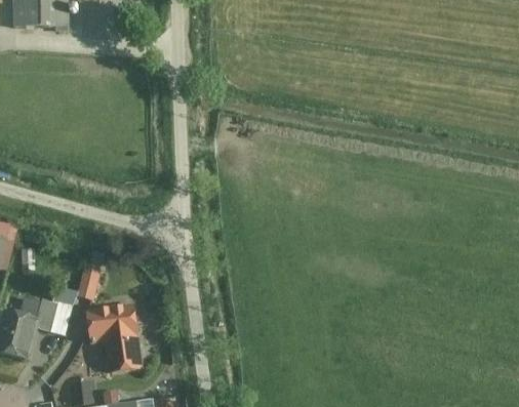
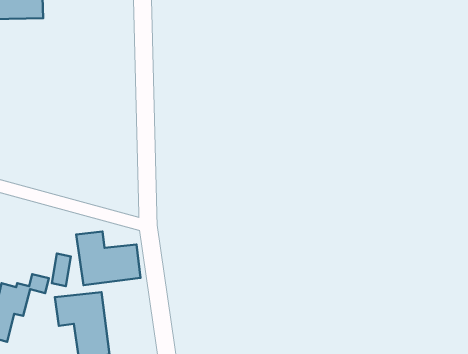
building: none -> [76,232,141,285]

